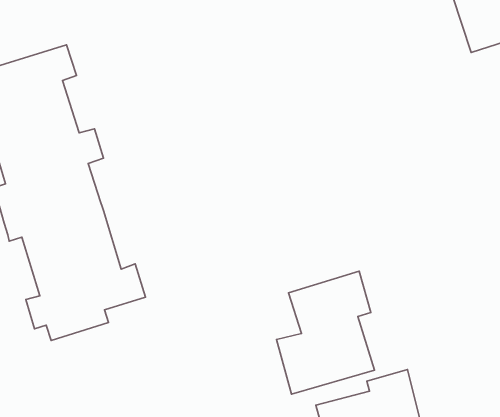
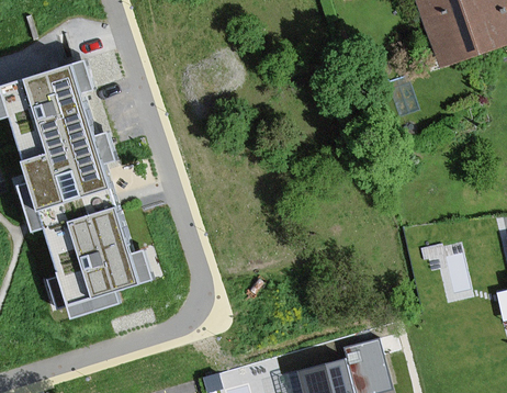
building: [277,271,374,394] -> none

